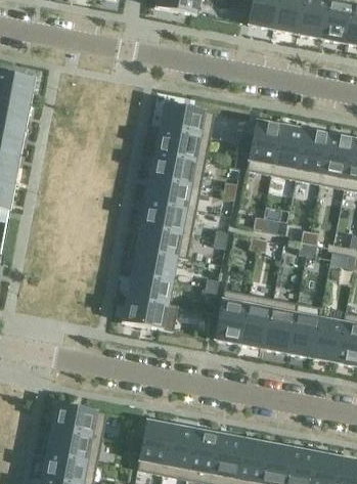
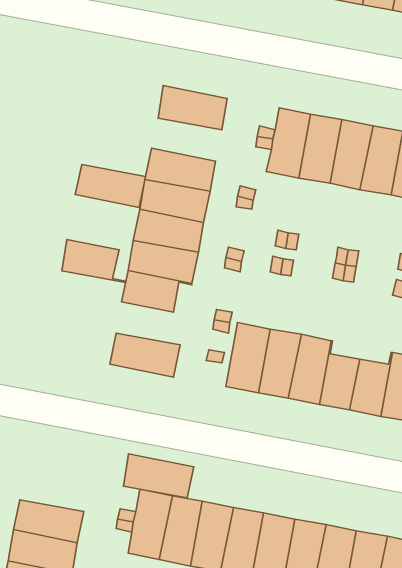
building: [155,127,211,161] -> [75,165,146,208]
building: [128,271,178,305] -> [62,239,126,282]
building: [52,401,107,436] -> [123,454,194,498]

